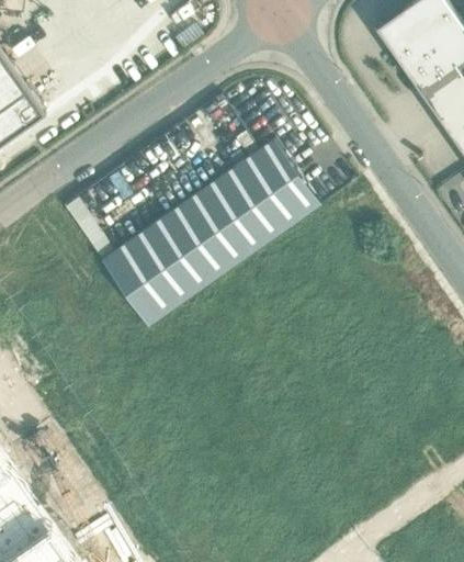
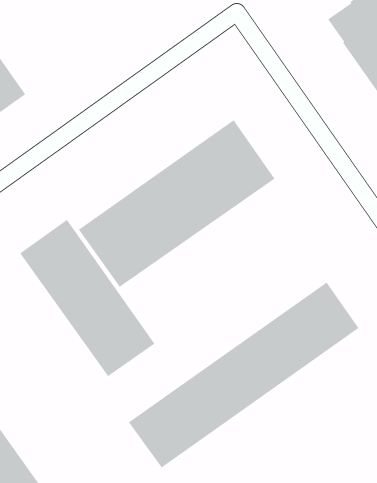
building: none -> [19,219,156,377]
building: none -> [128,282,359,469]

